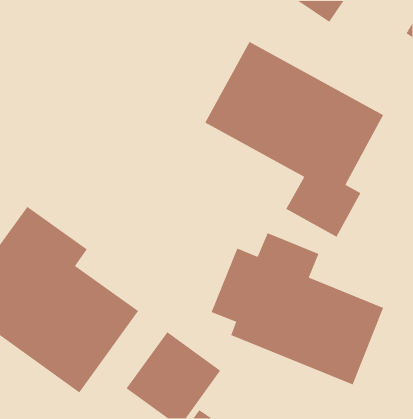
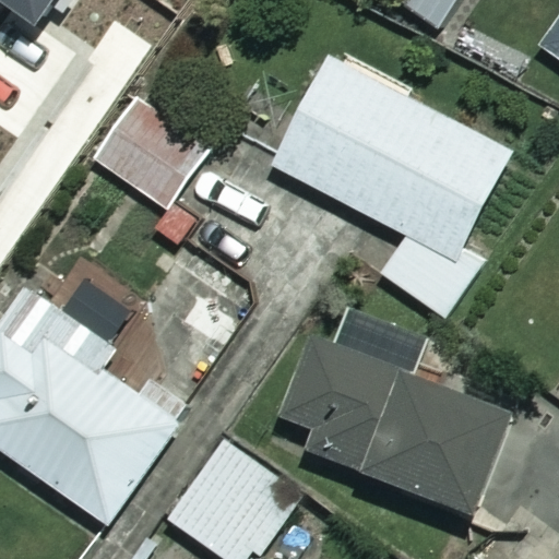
building: none -> [93,99,205,241]

